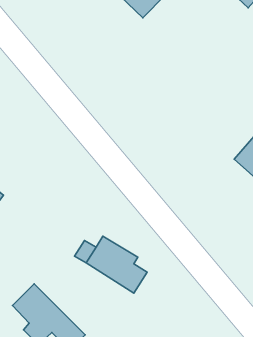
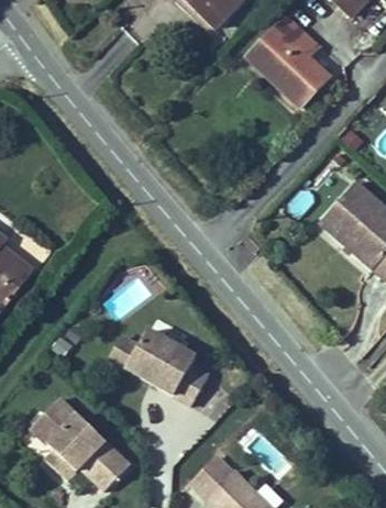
building: none -> [235,23,323,125]

